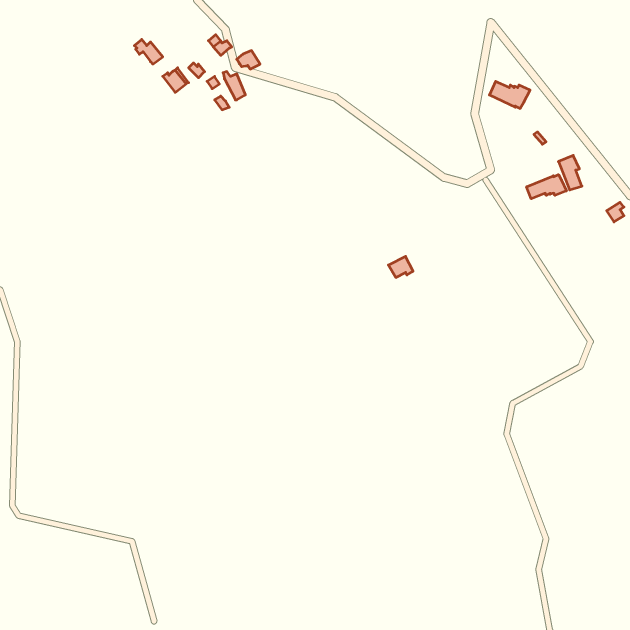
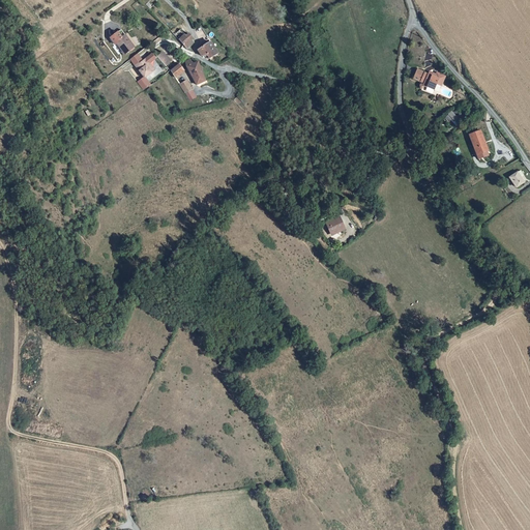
building: [527,175,566,199] -> none

